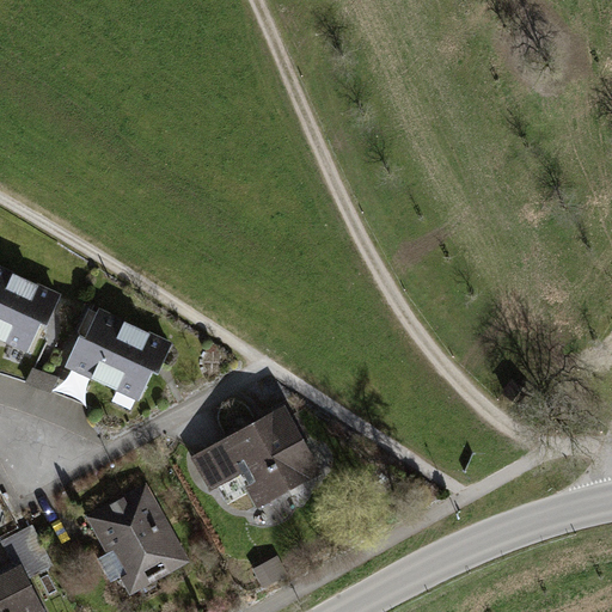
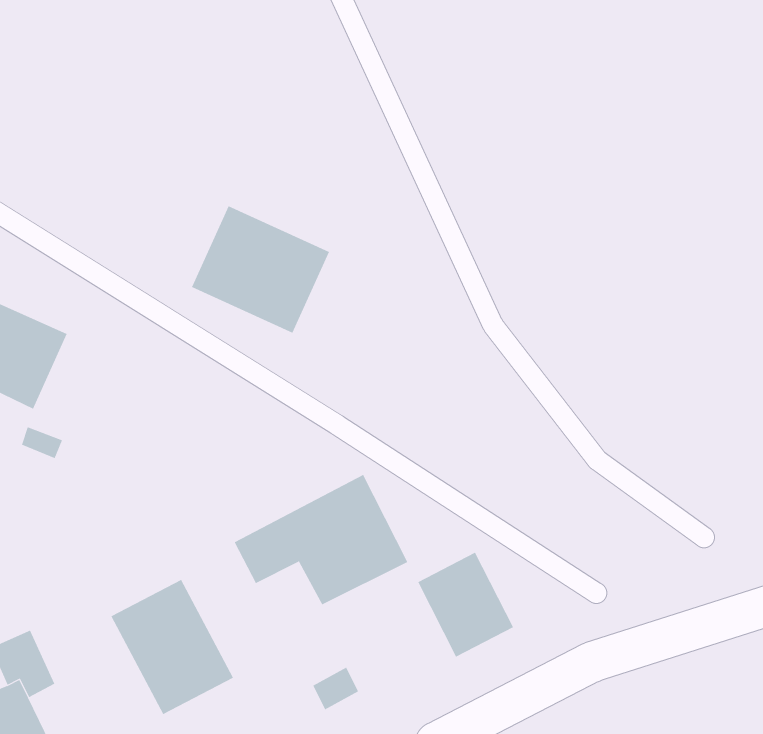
building: [61,302,169,402] -> [191,205,330,333]
building: none -> [417,552,514,657]

